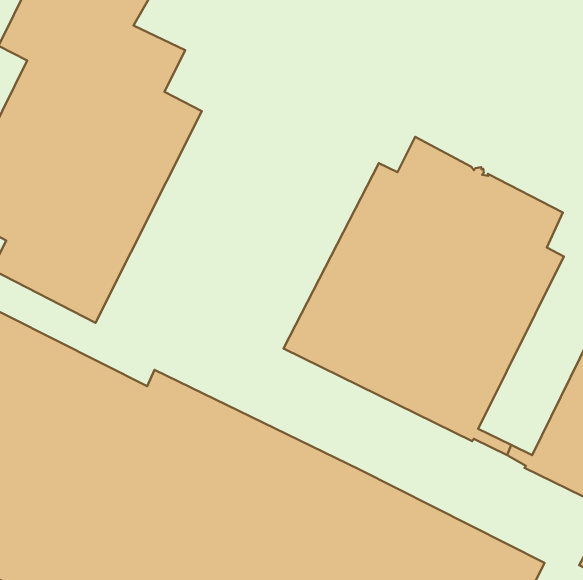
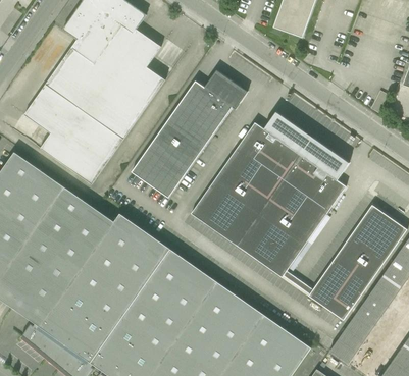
building: none -> [132,69,248,198]

